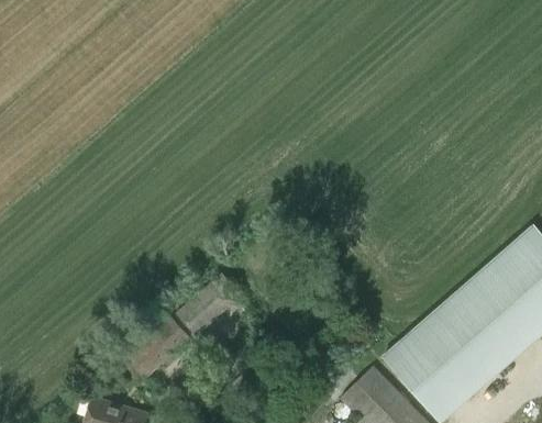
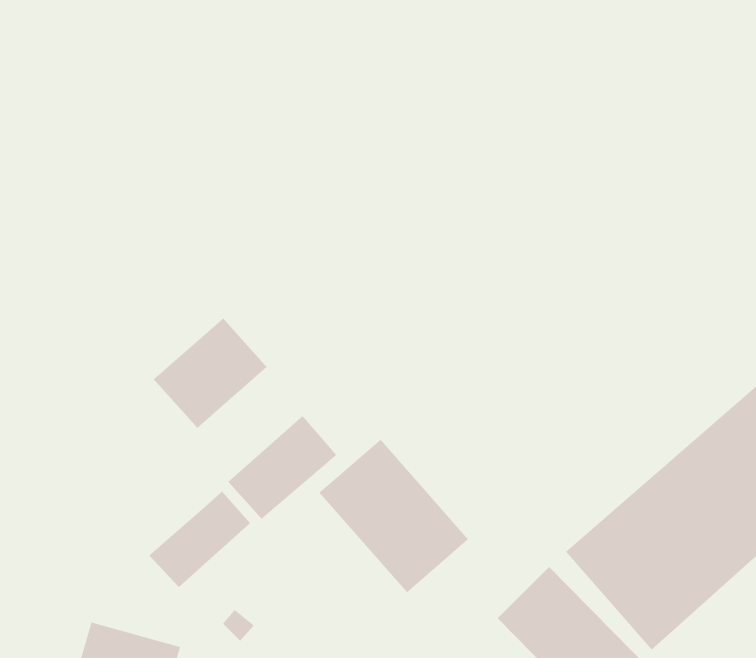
building: none -> [153,317,268,429]
building: none -> [319,439,469,593]

